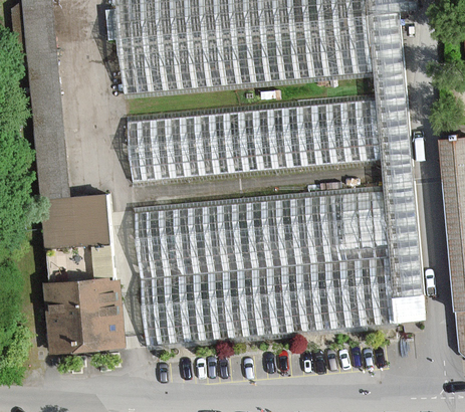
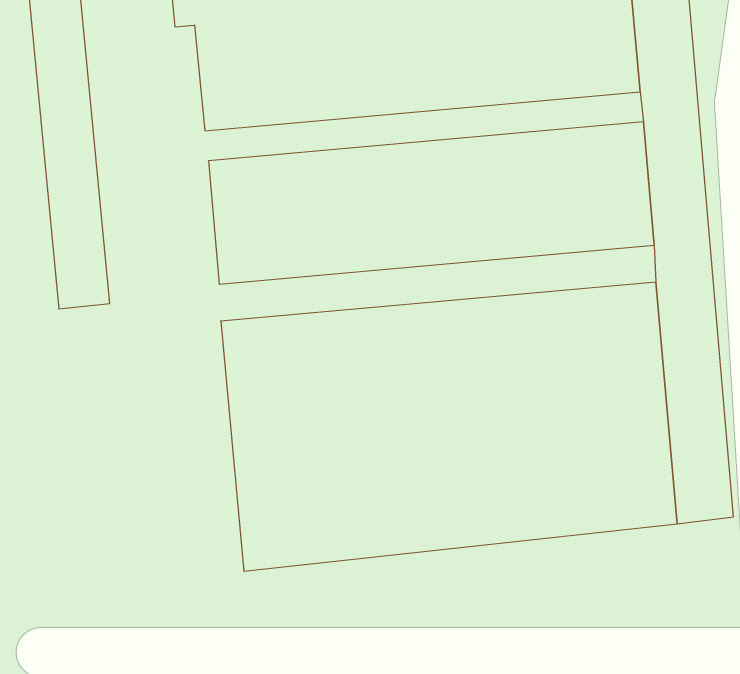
building: [41,194,126,354] -> none

